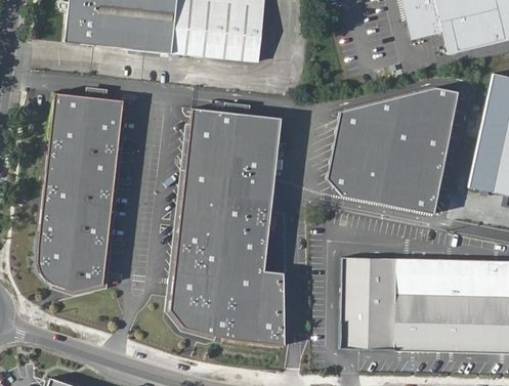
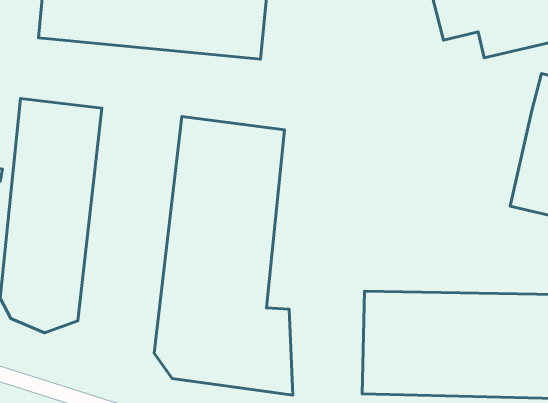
building: [334,88,464,214] -> none

